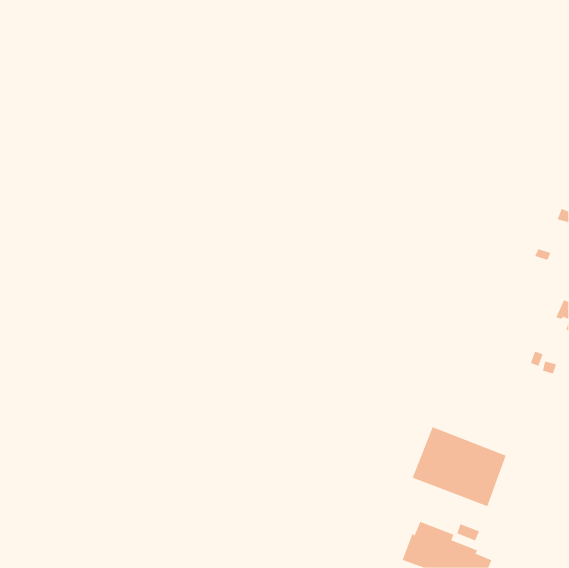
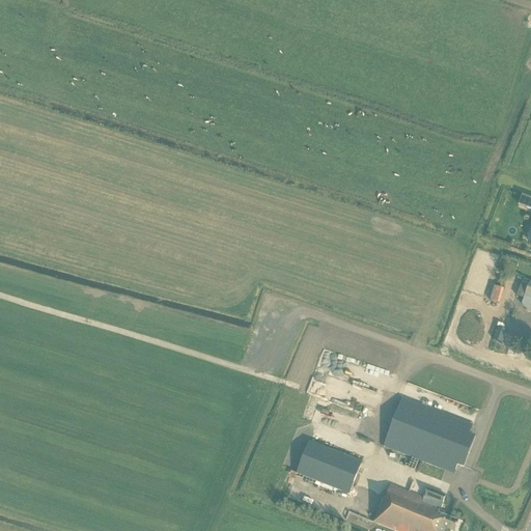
building: none -> [297,442,361,494]

